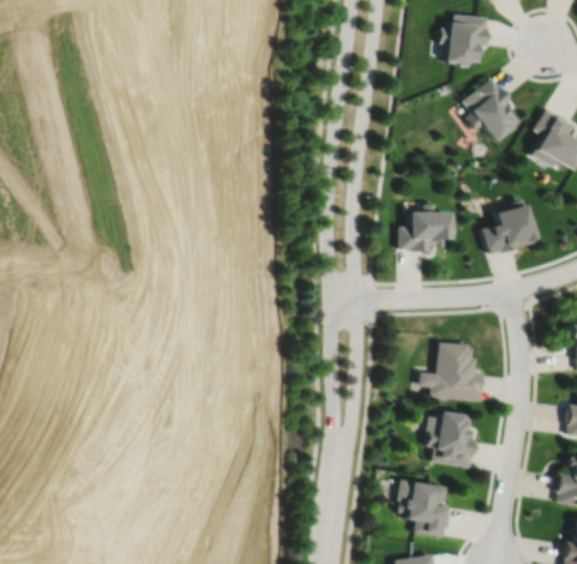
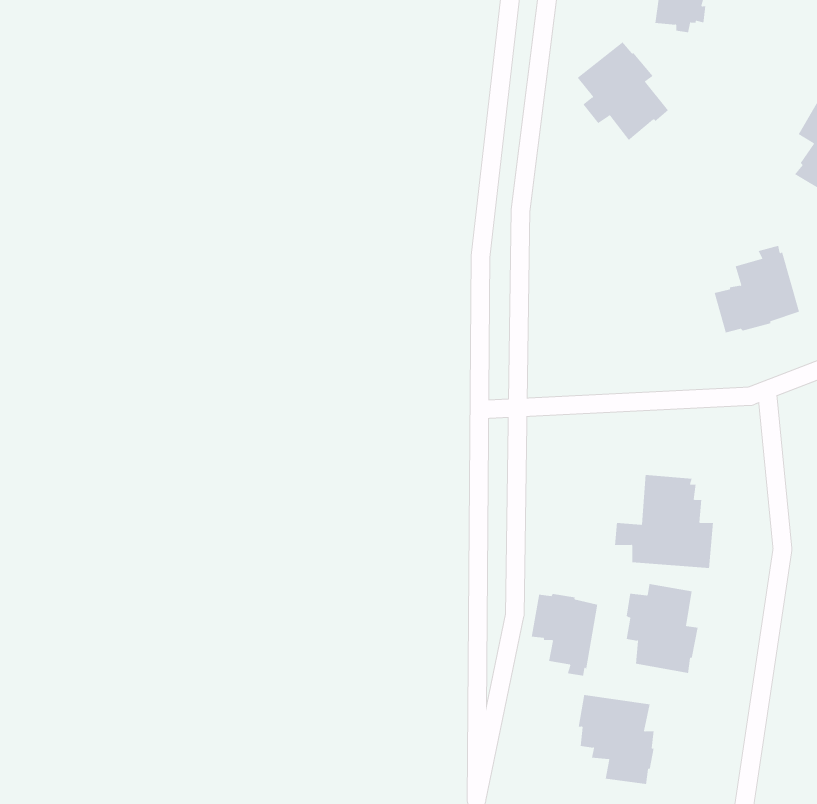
building: [465,77,523,139] -> [577,41,669,141]
building: [401,203,453,251] -> none
building: none -> [531,593,598,676]

